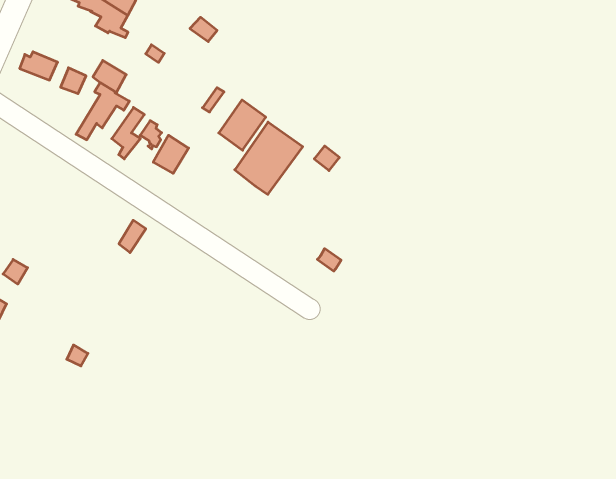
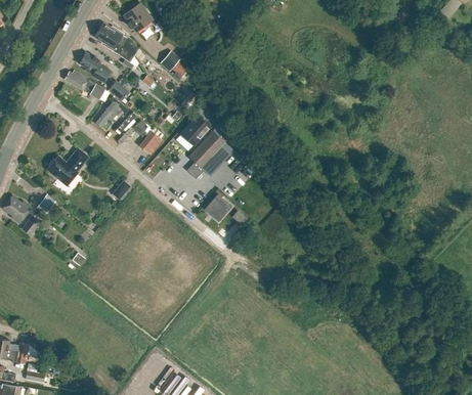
building: none -> [79,52,111,83]
building: none -> [47,148,88,185]
building: none -> [204,194,231,222]

